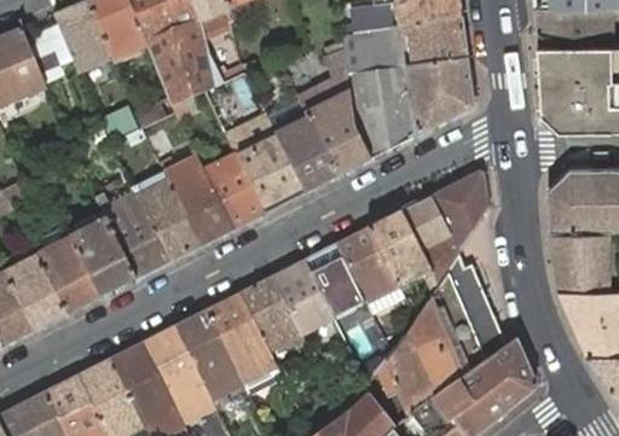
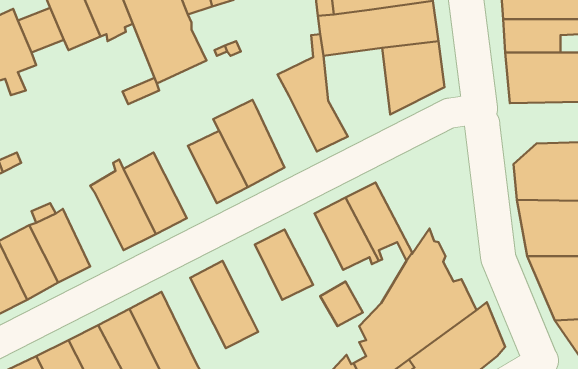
building: [347,66,417,159] -> none
building: [276,117,340,192] -> none
building: [168,161,235,245] -> none
building: [401,169,488,283] -> none
building: [73,214,137,296] -> none
building: [306,240,368,315] -> none
building: [241,273,303,348] -> none
building: [177,308,244,397] -> none

